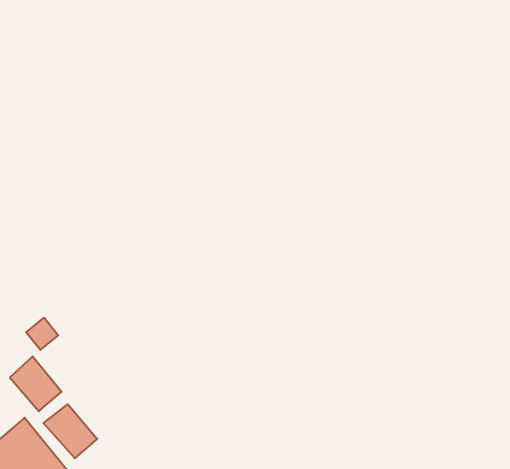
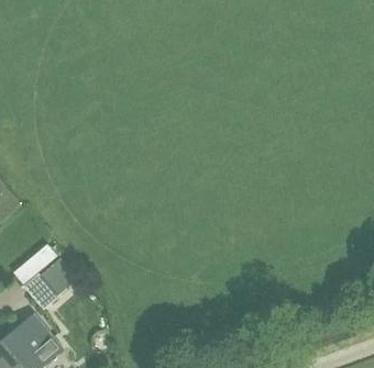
building: [43,404,97,458] -> none

